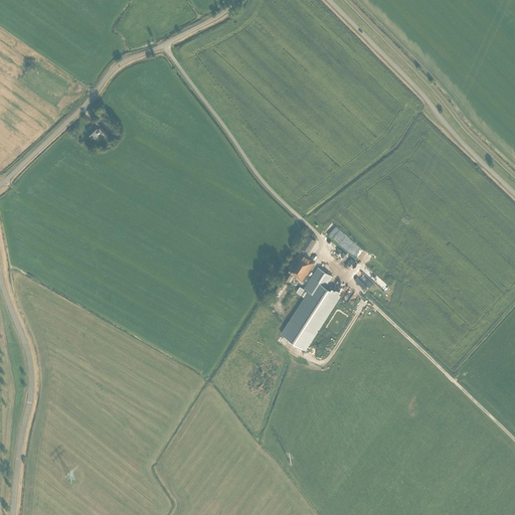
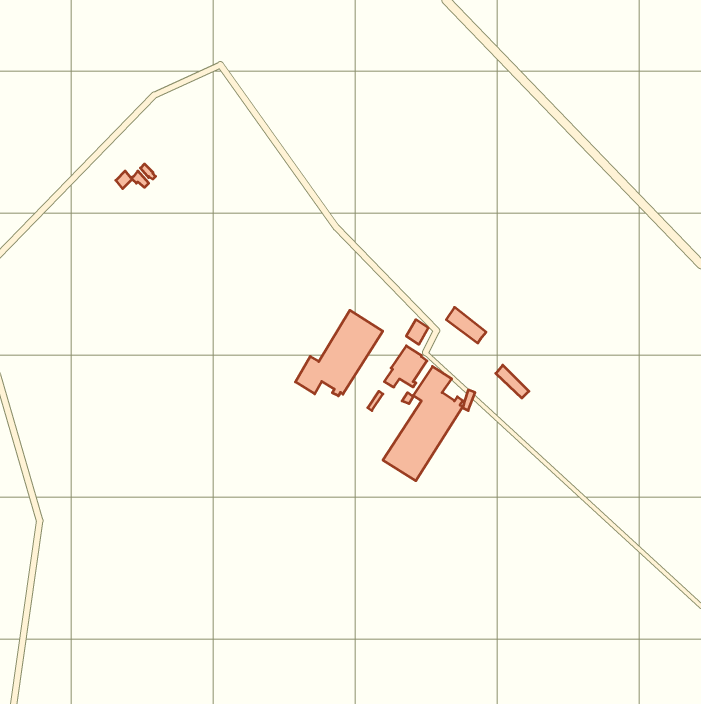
building: none -> [295,310,383,396]

